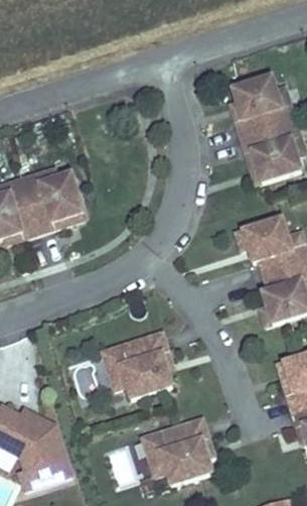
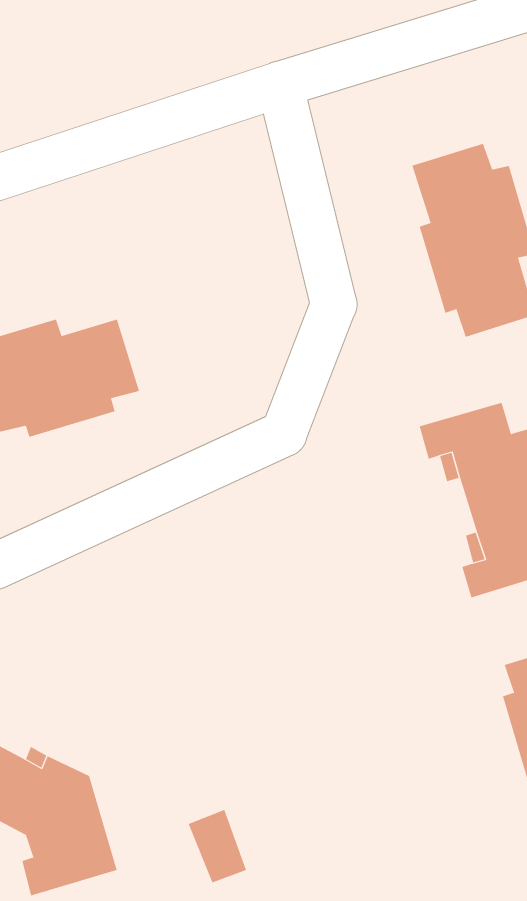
building: [103,334,172,399] -> none
building: [143,419,212,486] -> none

